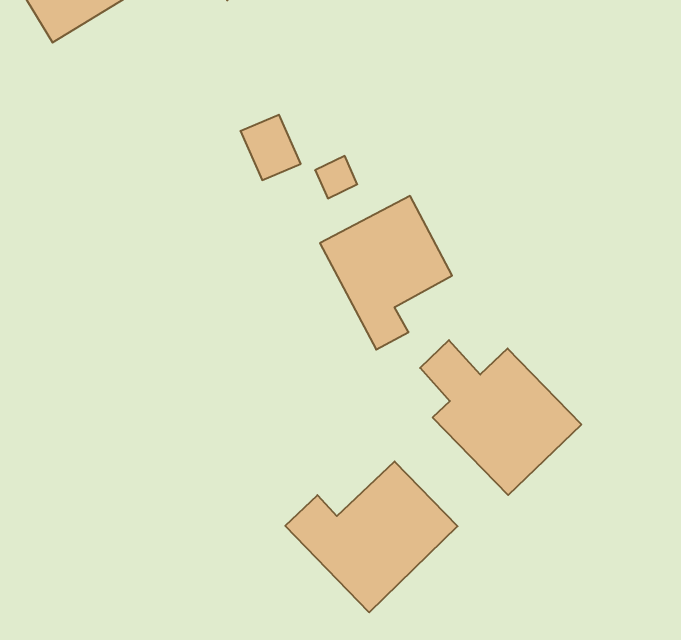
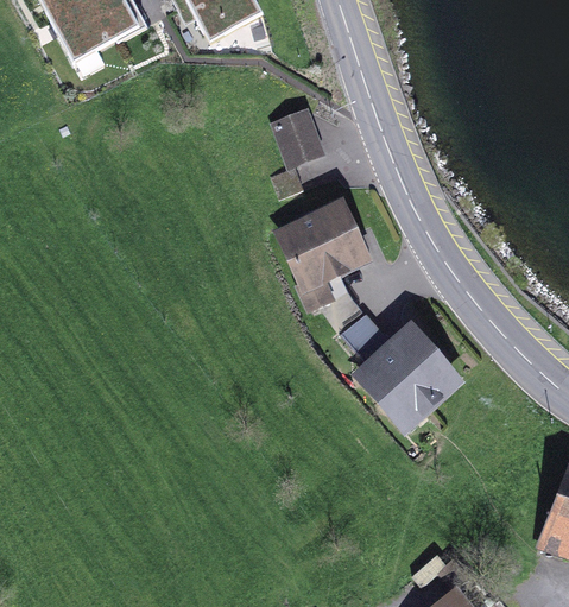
building: [240,115,301,180] -> [276,110,321,160]
building: [285,461,458,612] -> none

